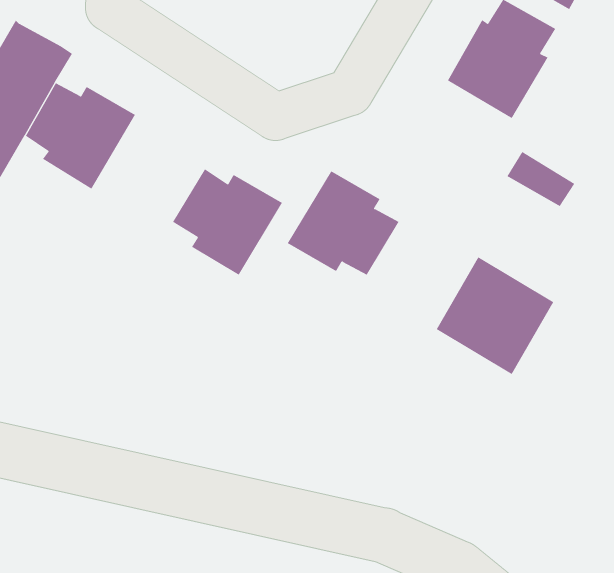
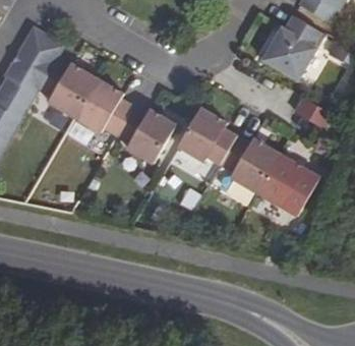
building: none -> [73,79,133,136]
building: none -> [220,136,279,193]

